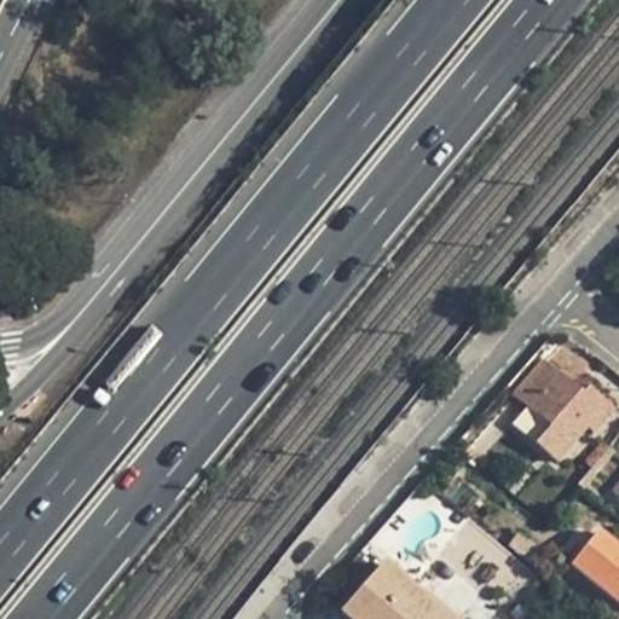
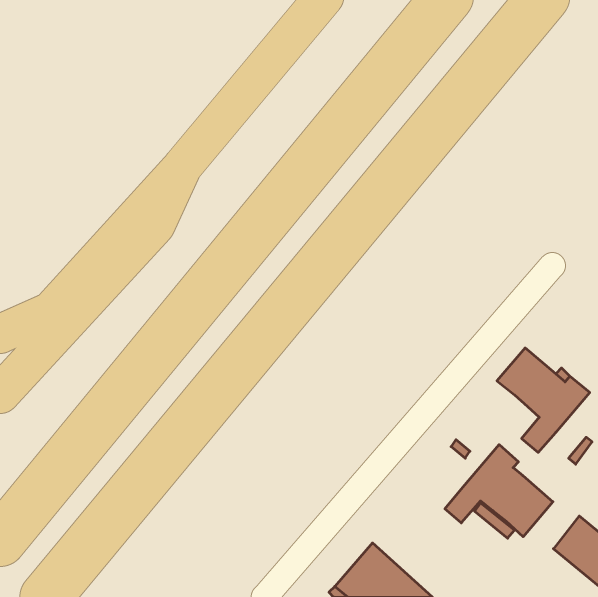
building: none -> [445,445,553,537]

